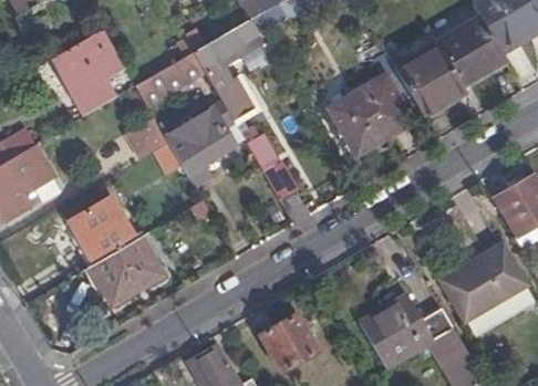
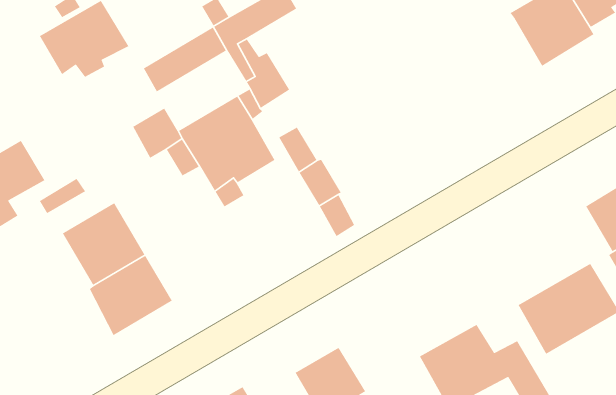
building: [395,44,463,114] -> none
building: [331,77,408,152] -> none

